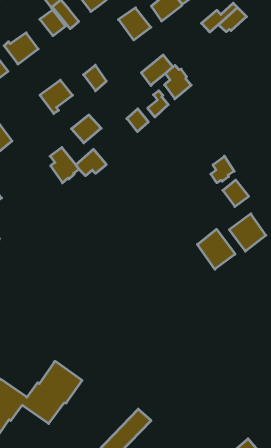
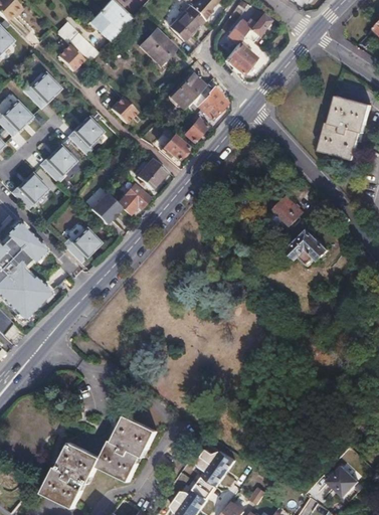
building: none -> [224,42,260,76]
building: none -> [41,145,75,181]
building: [71,115,101,143] -> [137,159,168,189]
building: [211,156,234,183] -> none
building: none -> [63,227,101,262]
building: [197,229,235,269] -> none

